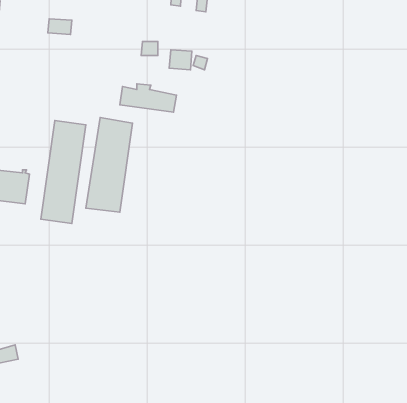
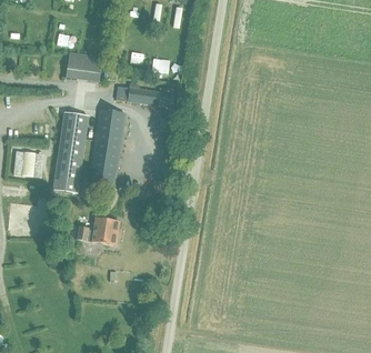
building: none -> [66,52,103,82]
building: none -> [77,216,120,245]

